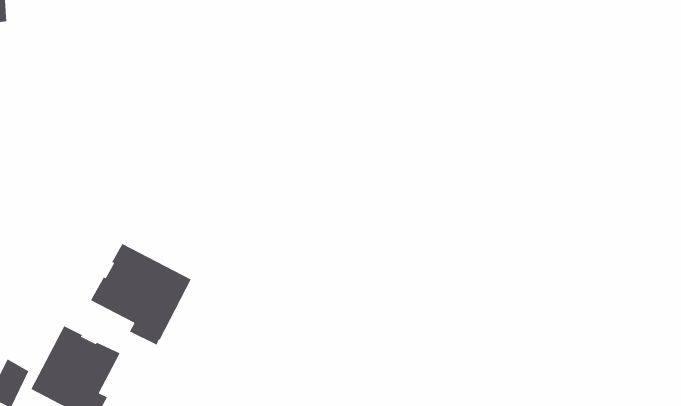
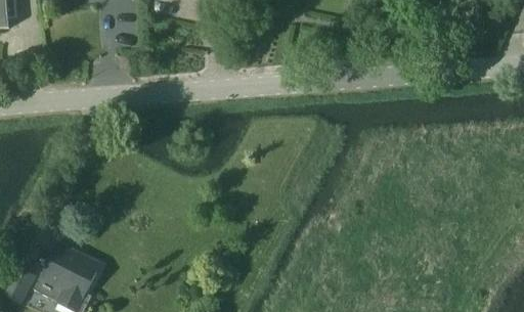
building: [90,243,192,345] -> none

